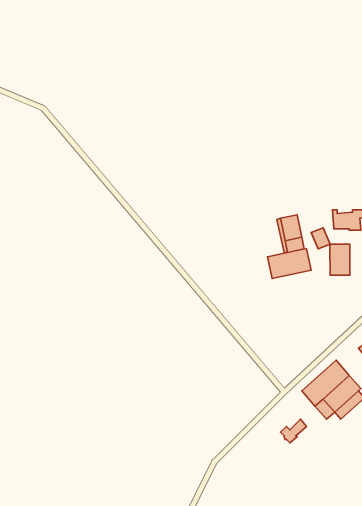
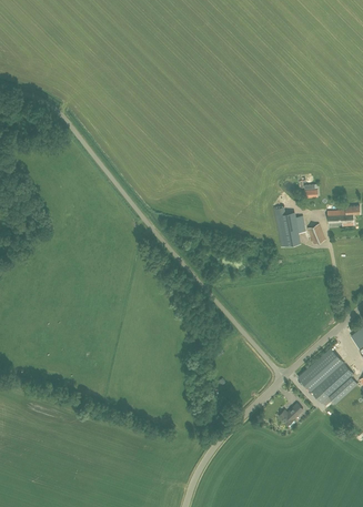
building: [330,244,350,275] -> none
building: [267,249,311,279] -> none

